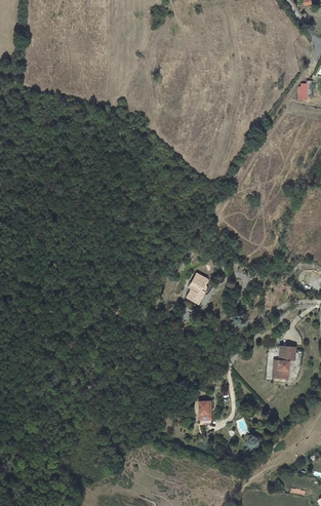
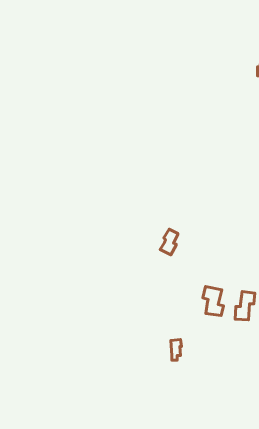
building: none -> [203,287,223,316]

